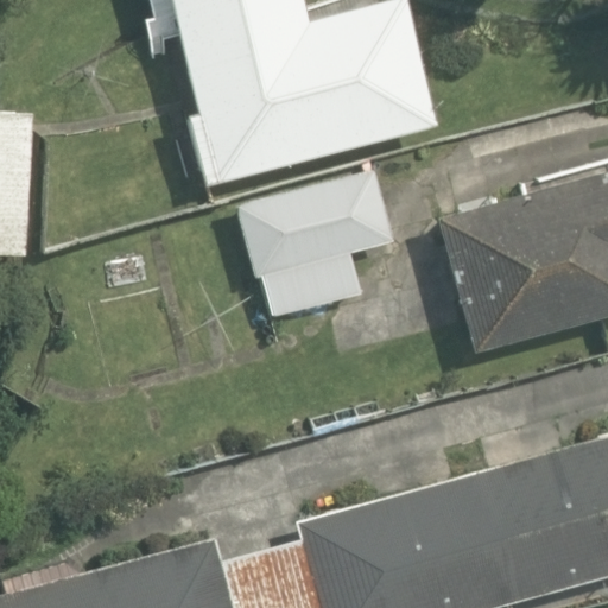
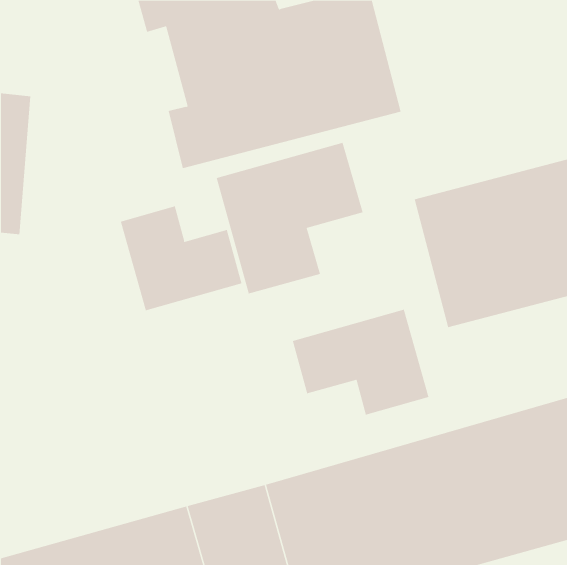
building: none -> [120,206,242,311]
building: none -> [292,309,429,415]

